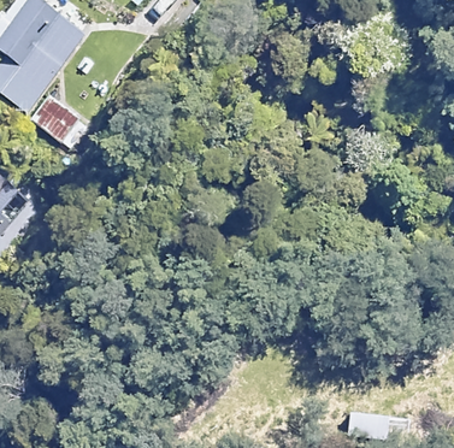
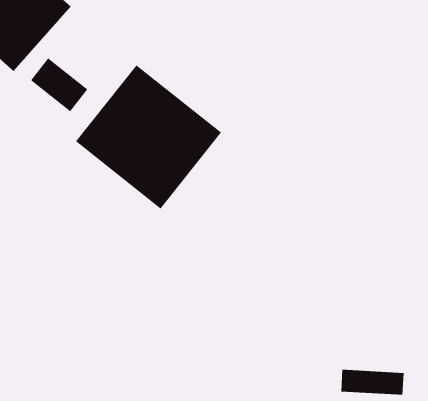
building: none -> [75,64,222,209]

